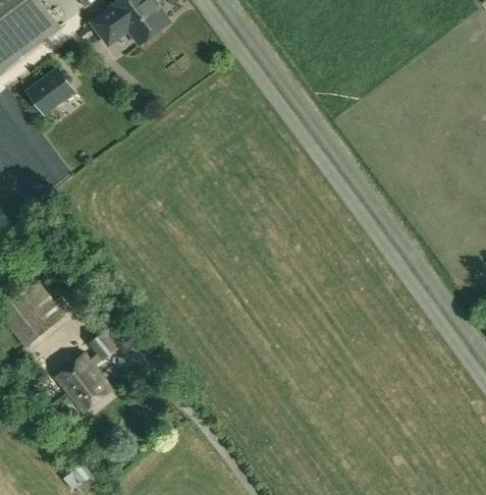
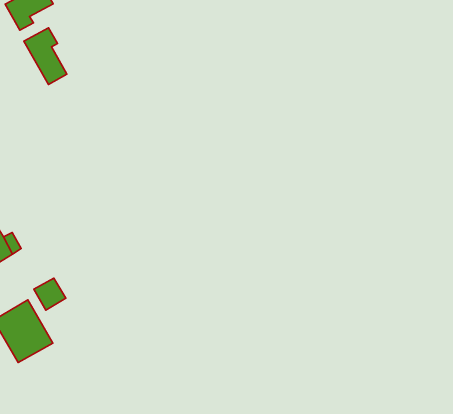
building: none -> [24,28,67,84]

